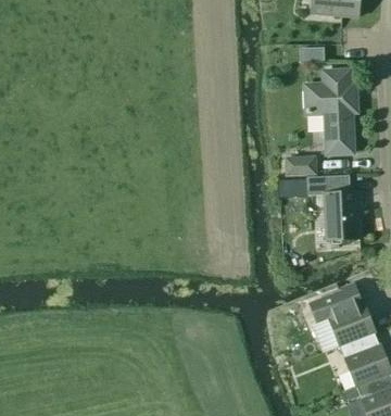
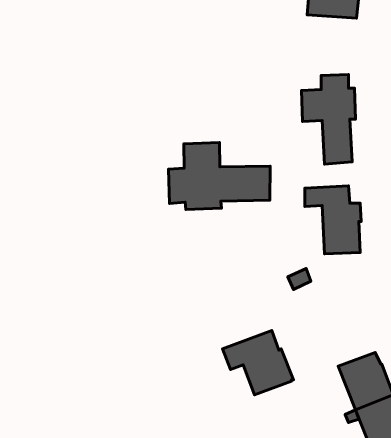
building: none -> [168,143,270,209]
building: [283,156,316,177] -> none
building: [308,286,376,346] -> [222,330,294,395]

